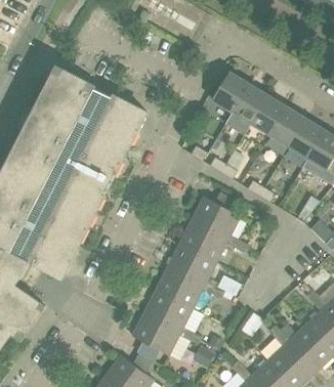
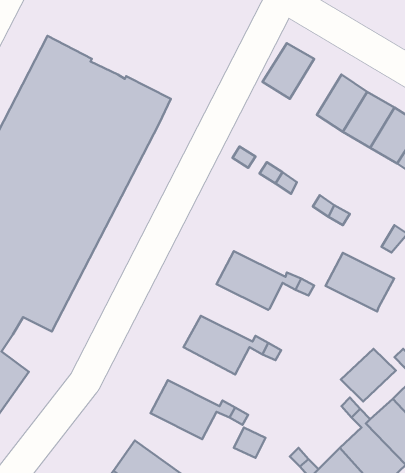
building: [223,83,267,134] -> none
building: [191,197,240,239] -> [325,253,394,312]
building: [167,244,215,285] -> none
building: [143,289,192,331] -> none
building: none -> [341,349,396,401]

